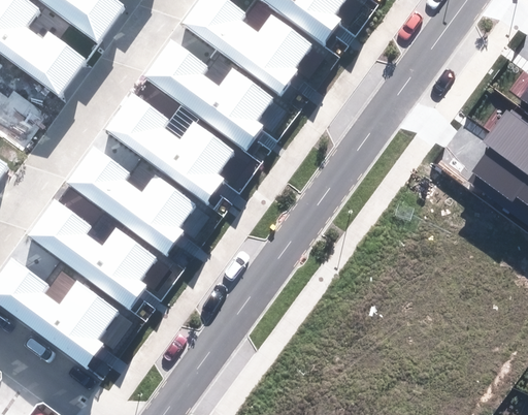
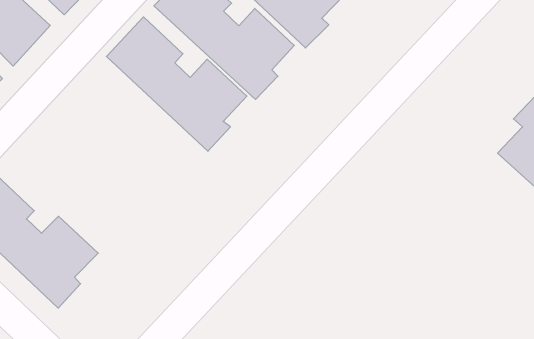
building: [66,143,198,257] -> none
building: [24,196,156,311] -> none

